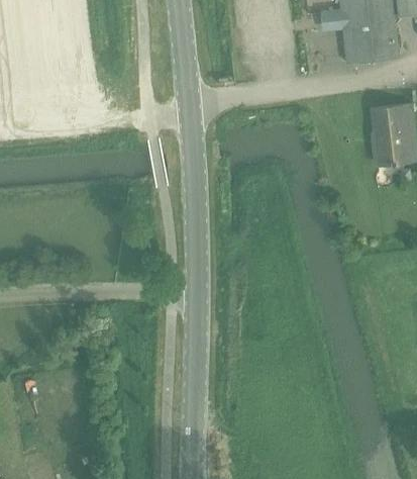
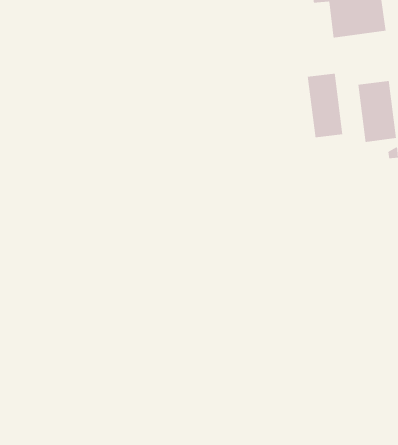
building: none -> [307,73,343,138]

